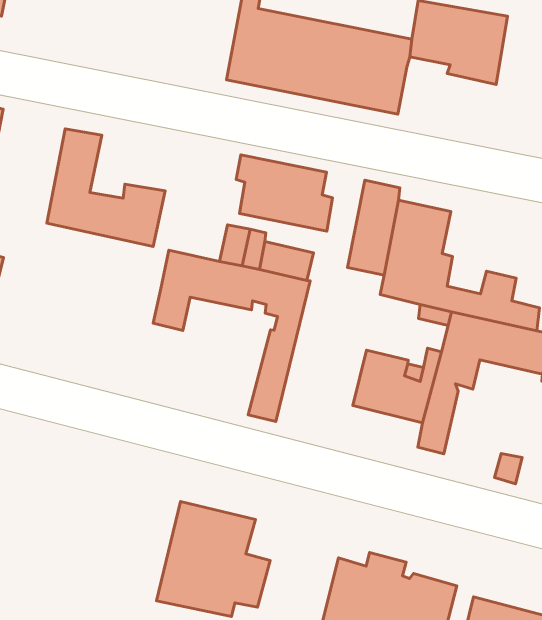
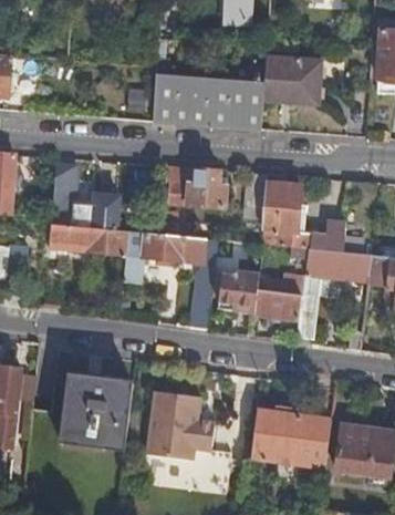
building: none -> [34,223,128,257]
building: none -> [217,270,259,315]
building: none -> [59,375,132,449]

